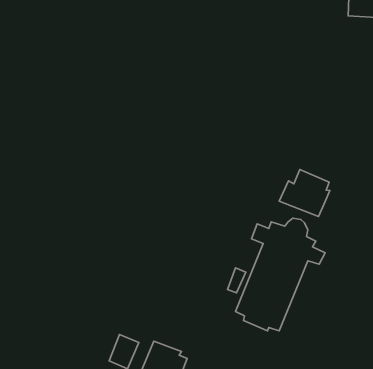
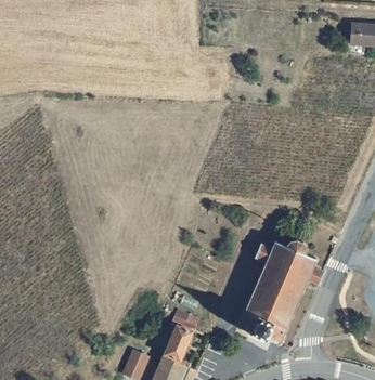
building: [279,170,330,216] -> none
building: none -> [154,313,198,358]

